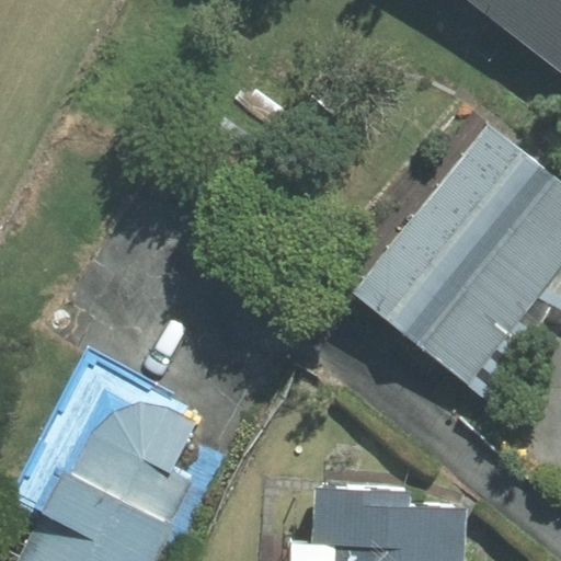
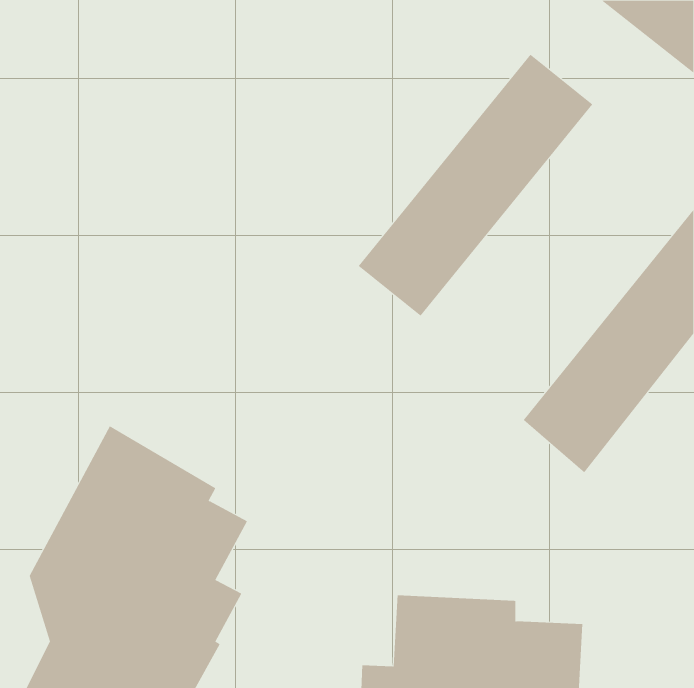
building: [356,123,545,333] -> [358,54,593,316]

